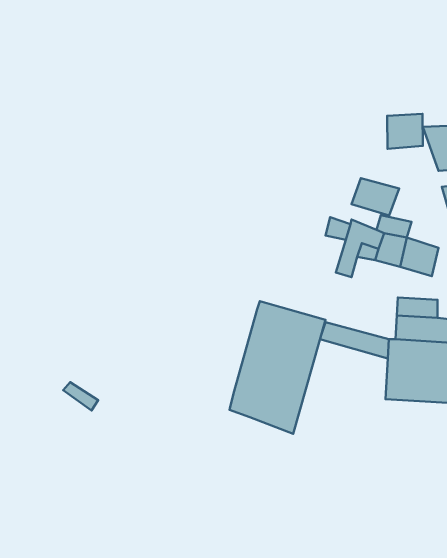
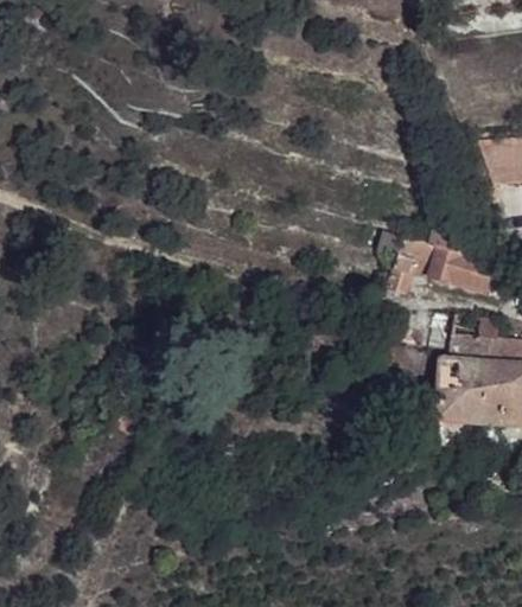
building: [387,114,423,149] -> none
building: [351,178,399,216] -> none
building: [229,301,325,434] -> none

